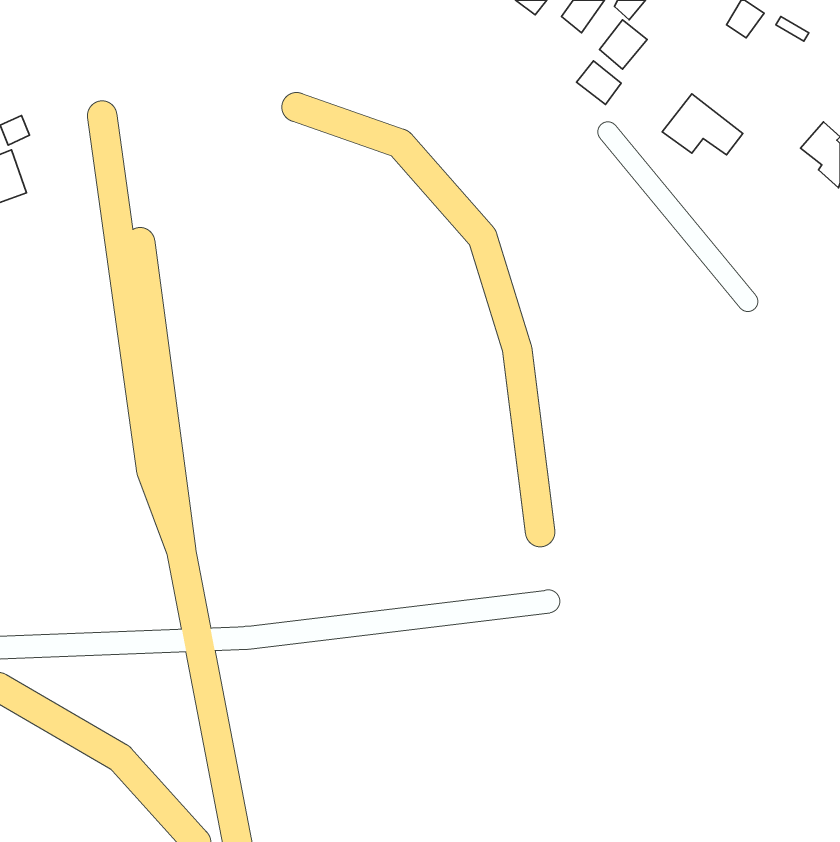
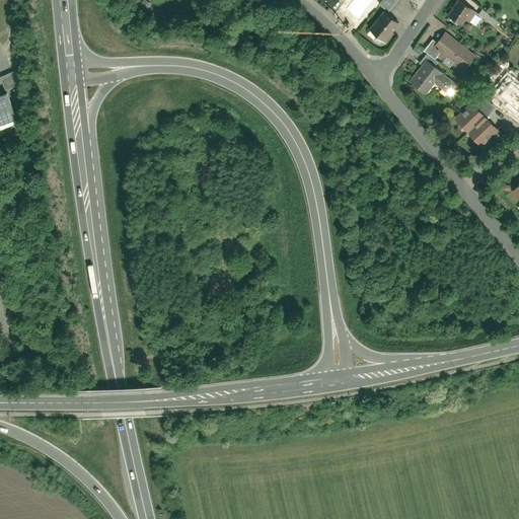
building: none -> [432,32,476,75]
building: [576,61,621,104] -> none
building: none -> [453,101,498,147]

